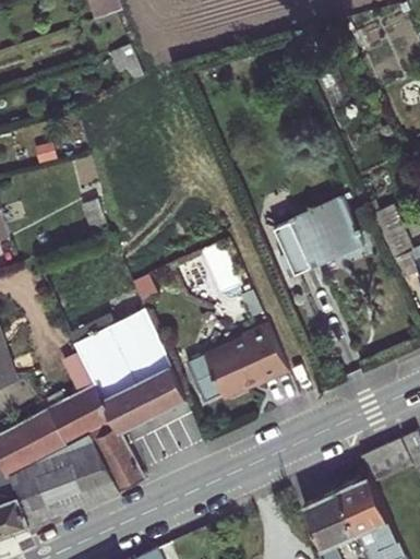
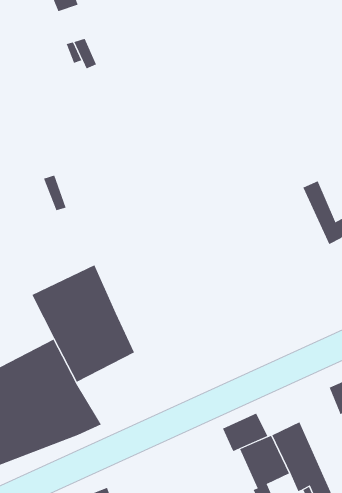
building: [271,198,362,276] -> none
building: [187,324,288,403] -> none
building: [360,440,411,484] -> [222,413,268,452]

